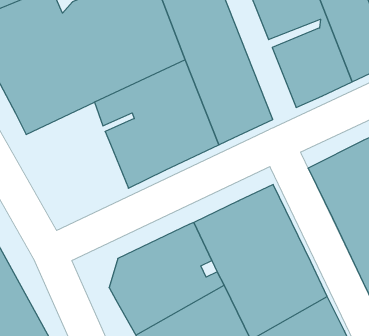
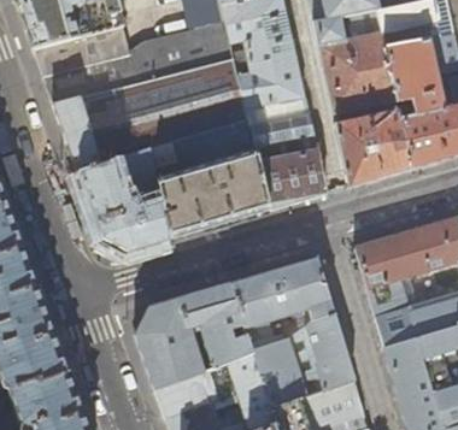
building: none -> [77,146,171,249]

